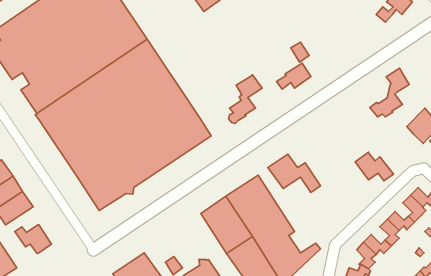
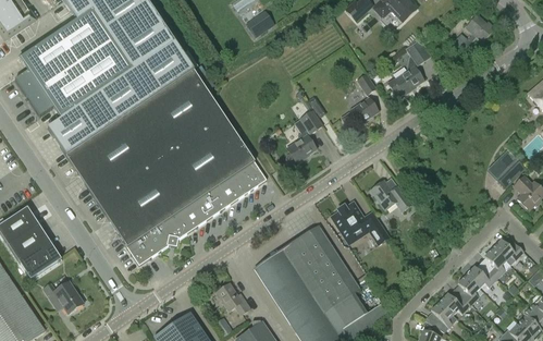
building: [370,68,409,117] -> [386,37,431,93]
building: [355,152,393,181] -> [369,179,412,211]
building: none -> [215,281,250,314]

